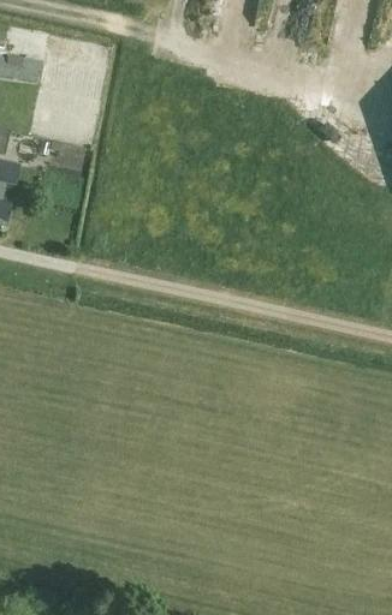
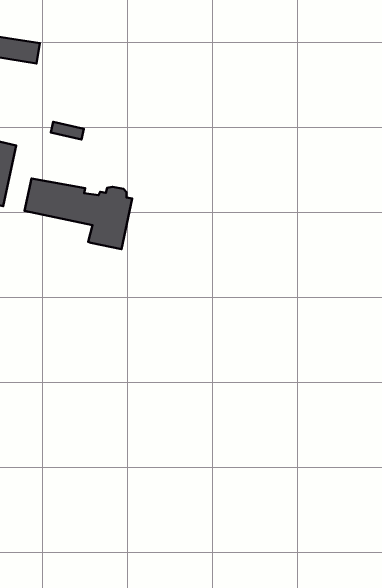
building: none -> [24,178,132,249]

